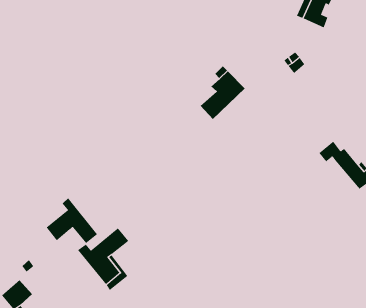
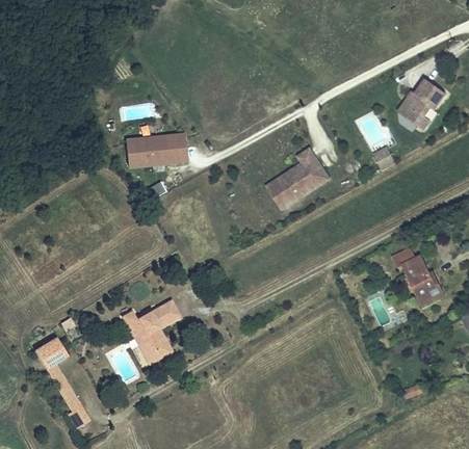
building: none -> [125,135,188,170]
building: none -> [265,167,295,207]
building: [46,198,98,244] -> none

